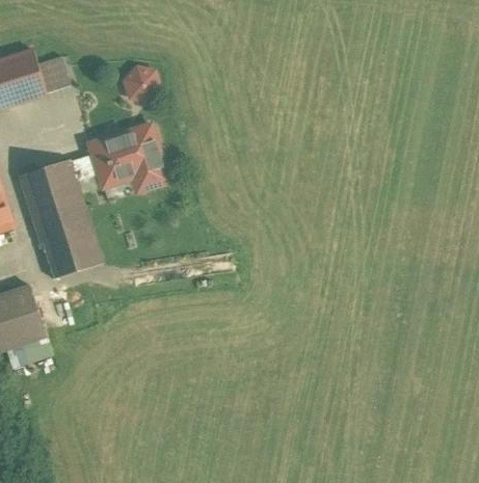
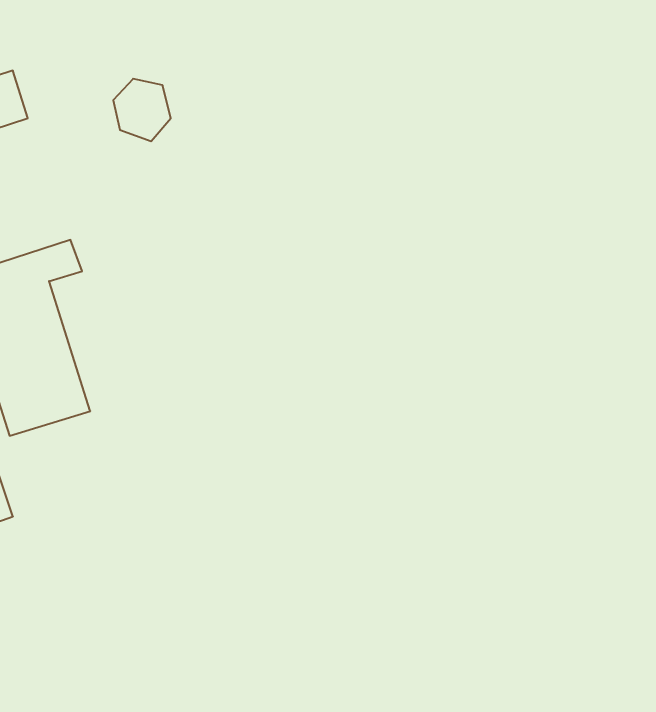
building: [89,129,172,195] -> none

